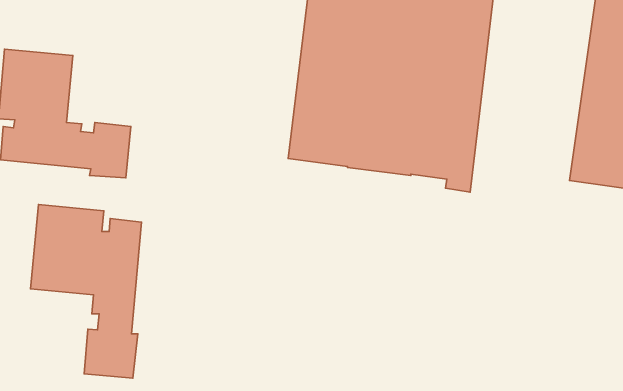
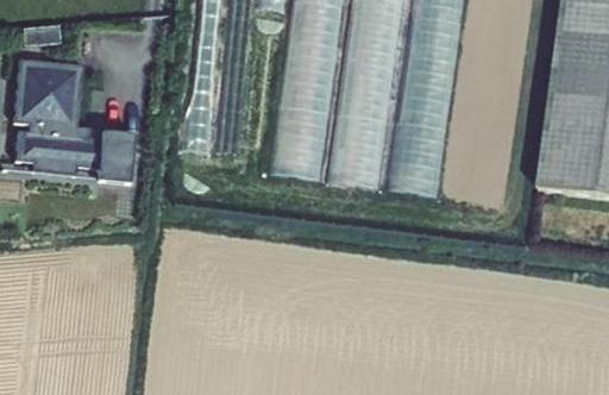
building: [30,204,142,378] -> none

